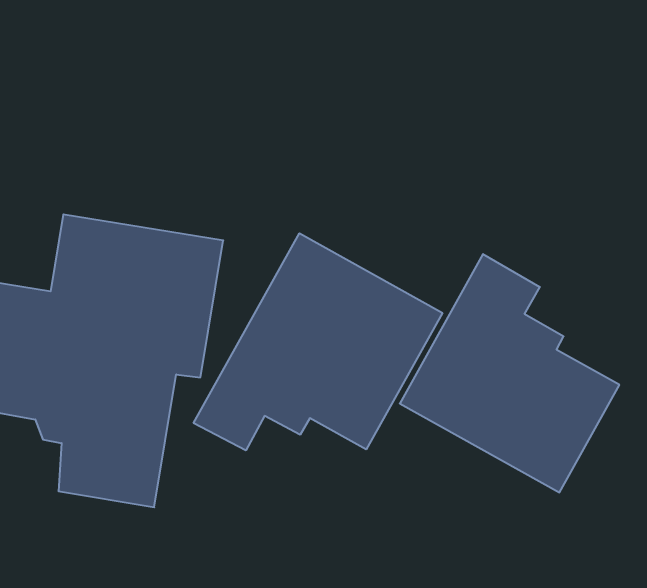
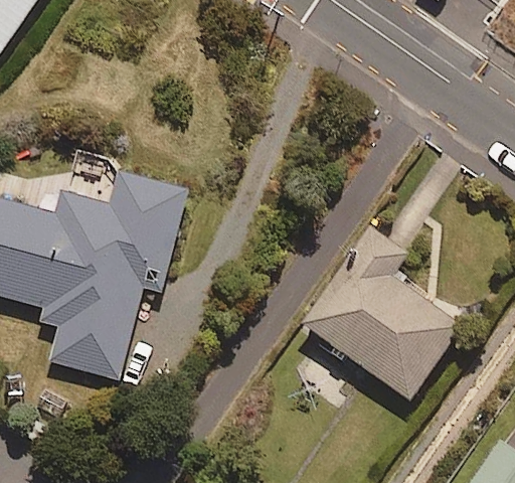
building: [194,233,442,450] -> none

